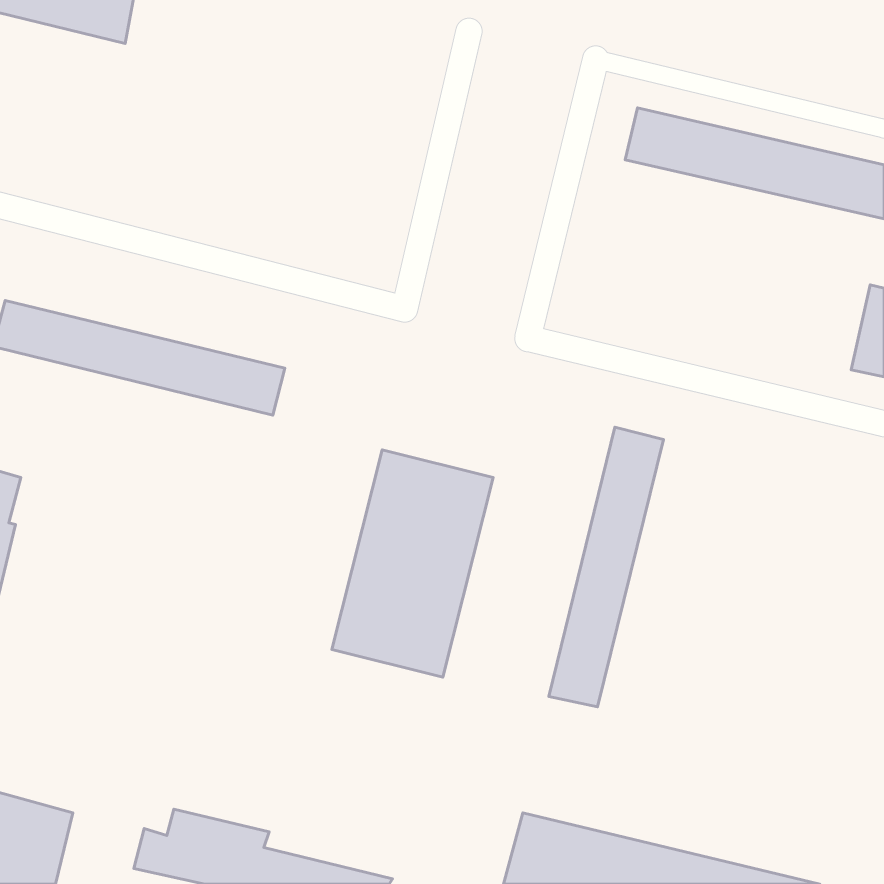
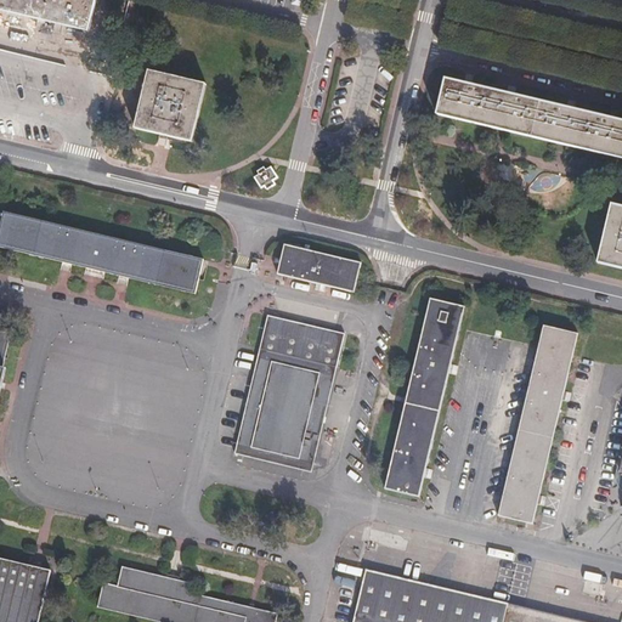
building: none -> [132,68,205,141]
building: none -> [278,244,362,293]
building: none -> [497,326,577,522]

